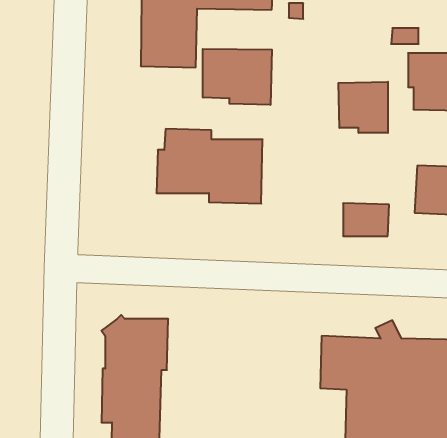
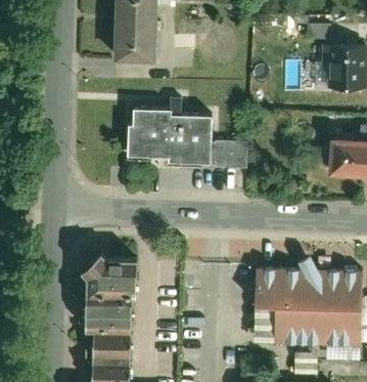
building: [203,49,272,105] -> none
building: [338,82,388,133] -> none
building: [343,203,389,236] -> [213,142,248,168]

